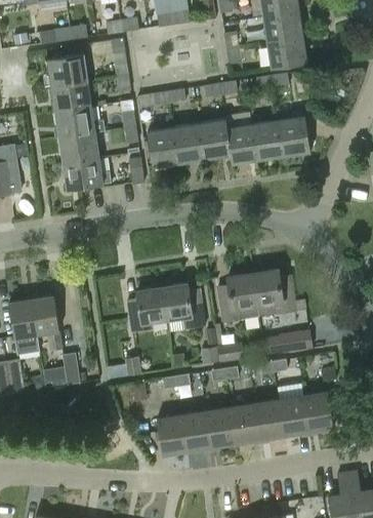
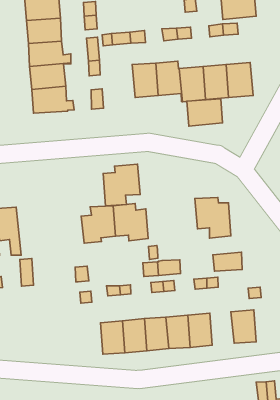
building: [146,127,178,168] -> none
building: none -> [187,99,223,126]
building: [215,273,258,322] -> [103,164,140,206]
building: [279,397,308,436] -> none

